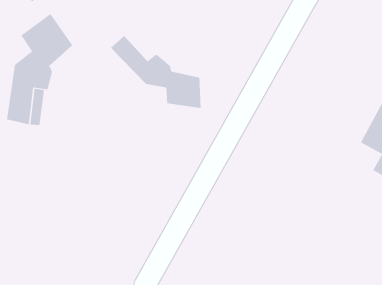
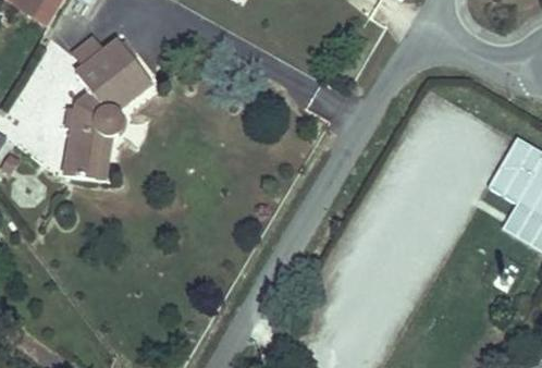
building: [110,35,201,109] -> none

